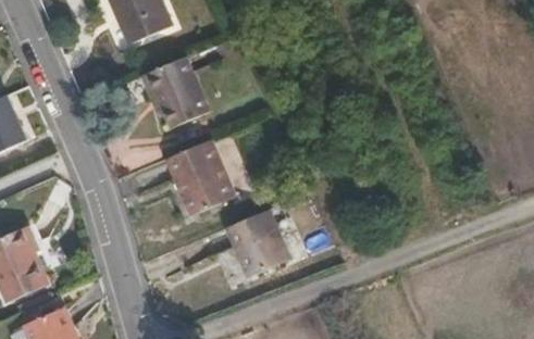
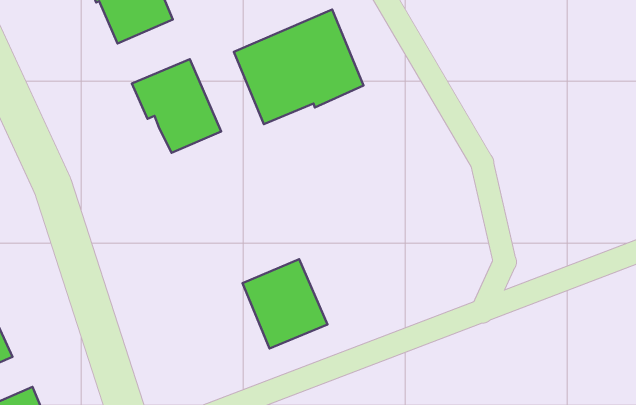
building: none -> [234,9,363,124]
building: [164,138,236,215] -> none

